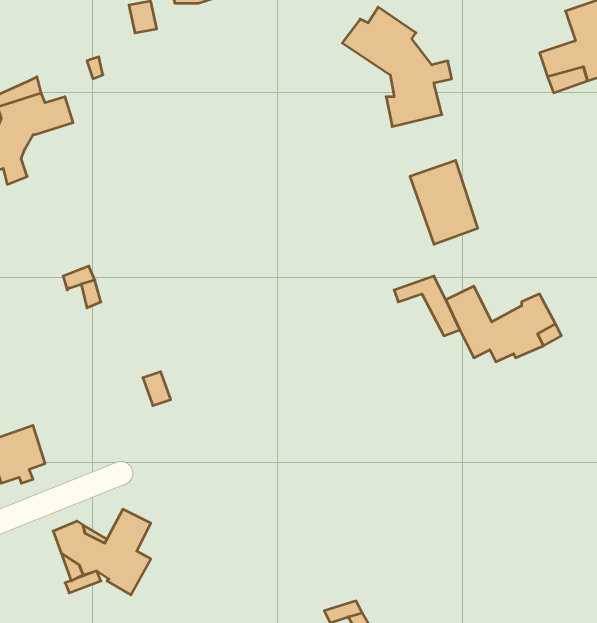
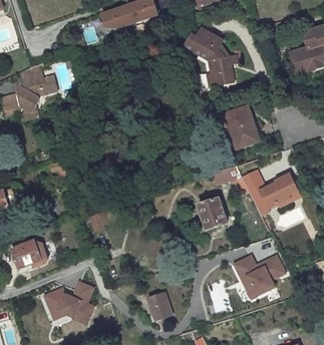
building: none -> [199,198,226,229]
building: none -> [231,253,285,300]
building: none -> [149,293,172,320]

